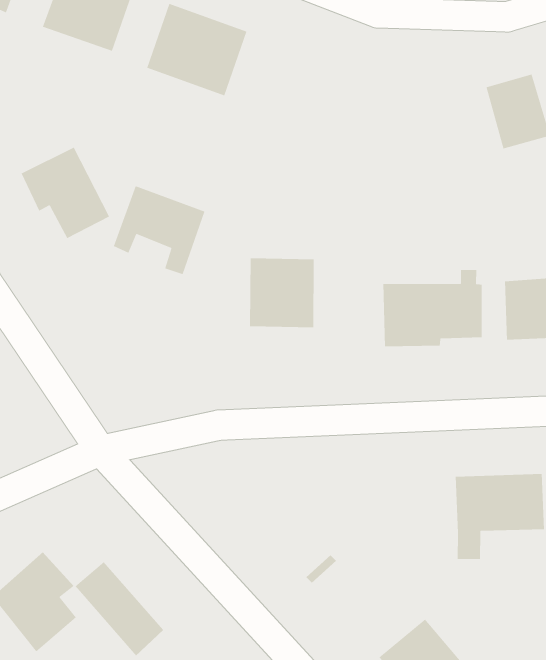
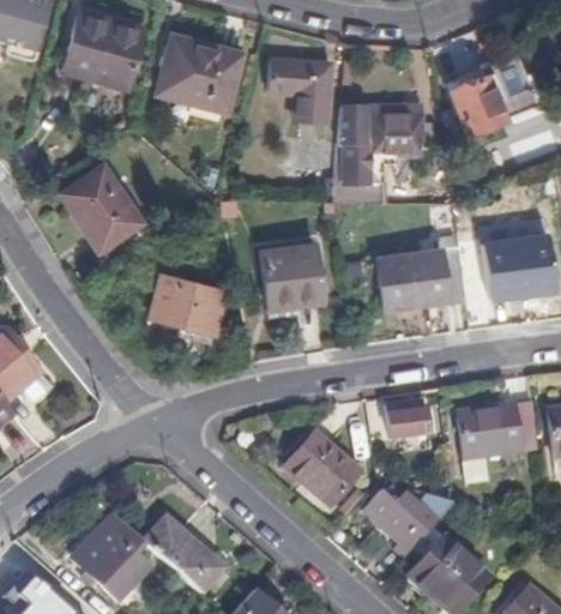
building: none -> [267,65,326,125]
building: none -> [338,104,429,200]
building: [113,185,206,275] -> [146,277,222,349]
building: none -> [386,401,428,441]
building: none -> [288,434,358,504]
building: none -> [367,488,454,556]

